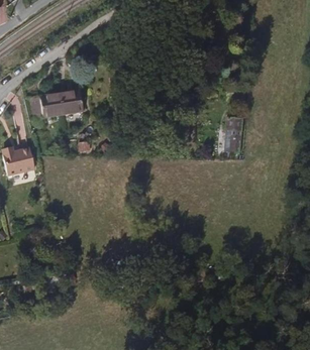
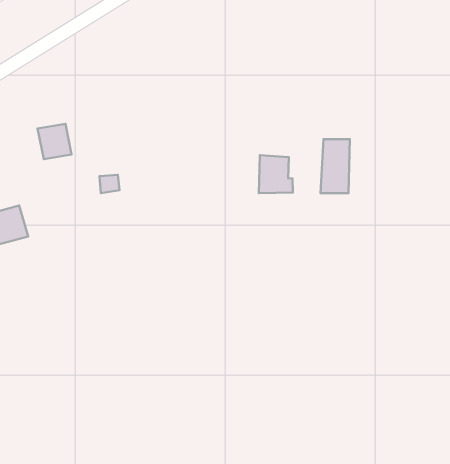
building: [58,90,82,114] -> none
building: none -> [259,155,293,193]

